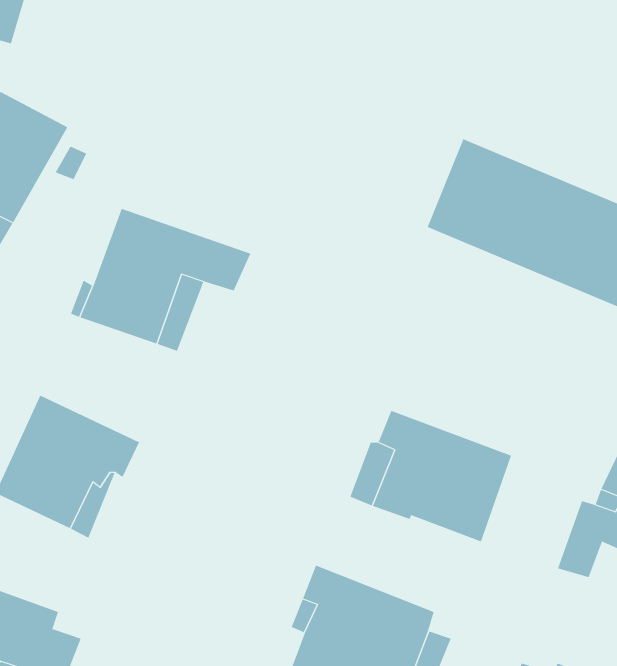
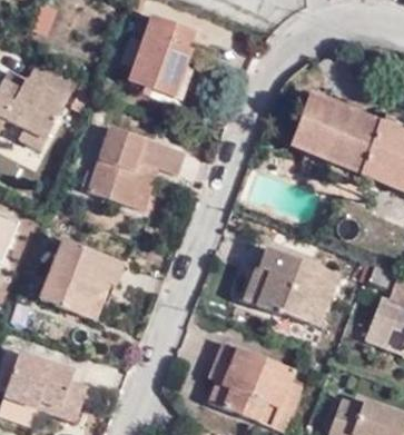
building: none -> [128,19,196,110]

